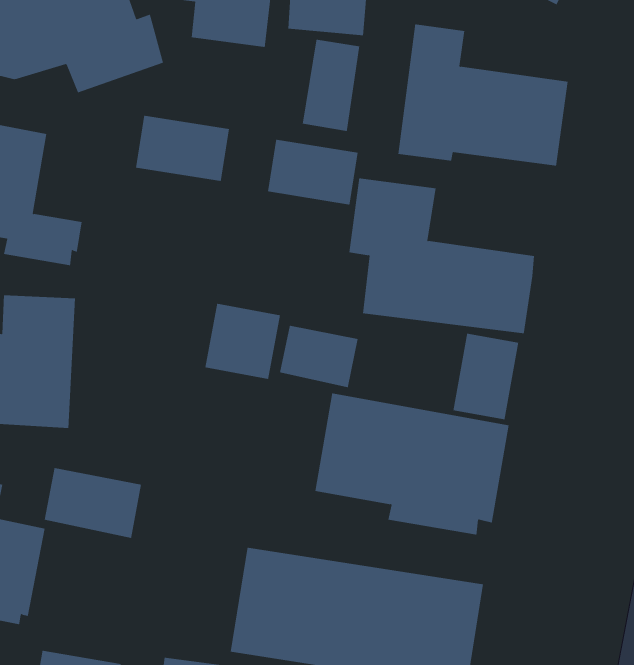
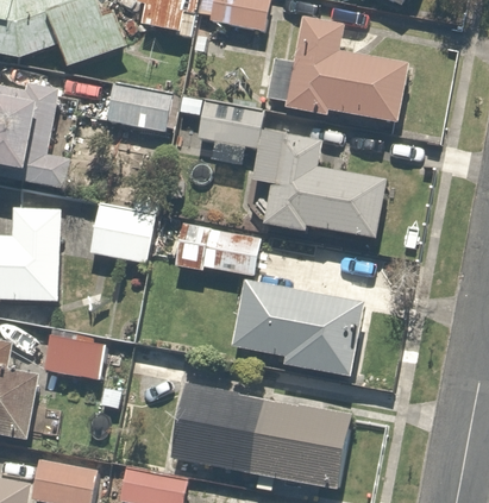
building: [302,39,360,132] -> none
building: none -> [88,189,158,263]
building: [453,333,519,420] -> none

